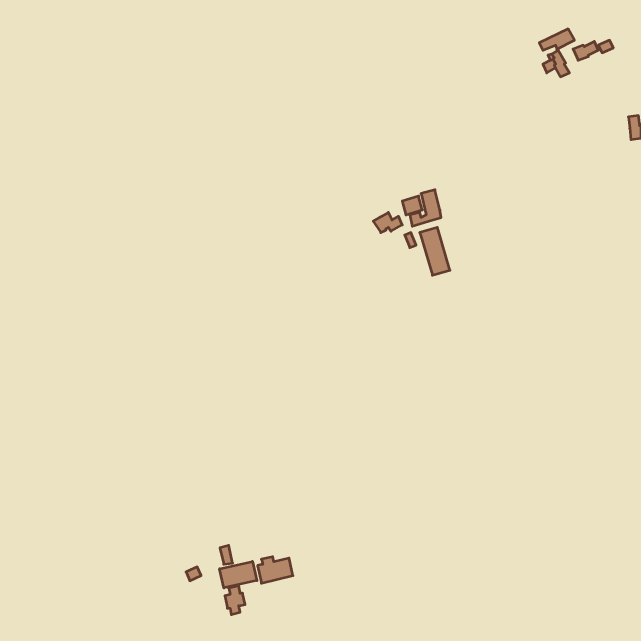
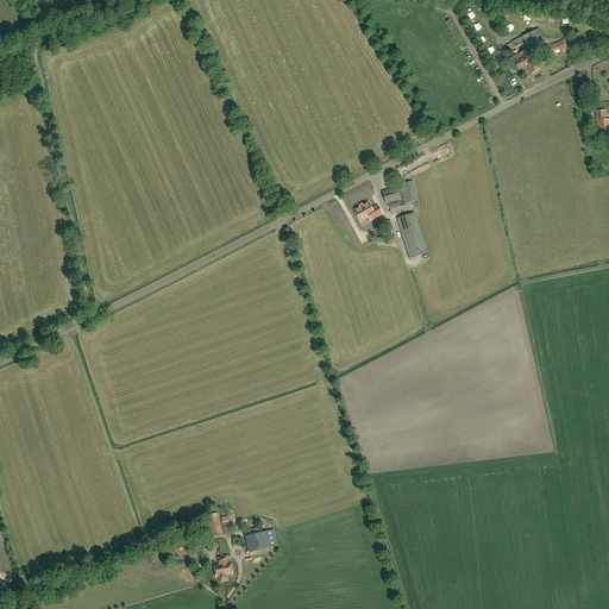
building: [220,561,257,588] -> none

